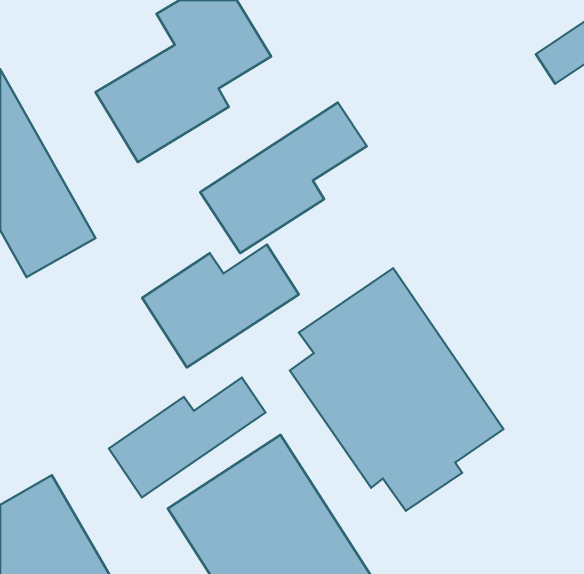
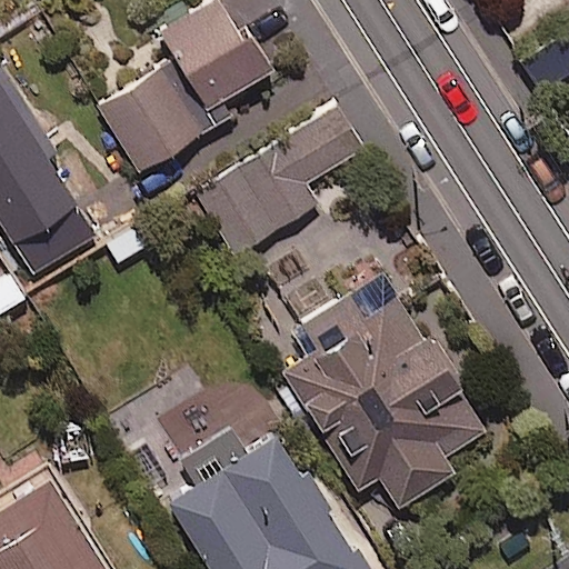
building: [142,245,299,367] -> none
building: [109,378,265,497] -> none

